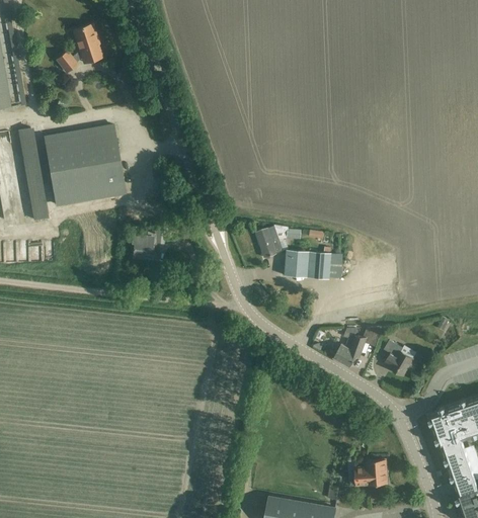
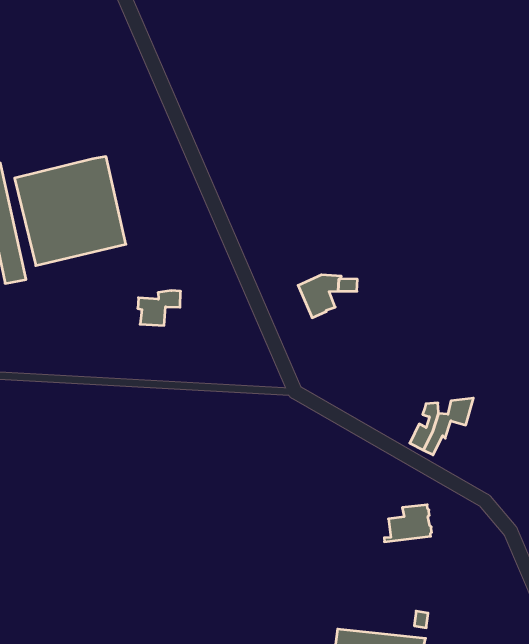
building: [56,24,102,73] -> none
building: [284,250,330,279] -> none
building: [384,341,413,376] -> none
building: [351,459,388,486] -> [384,505,432,542]

